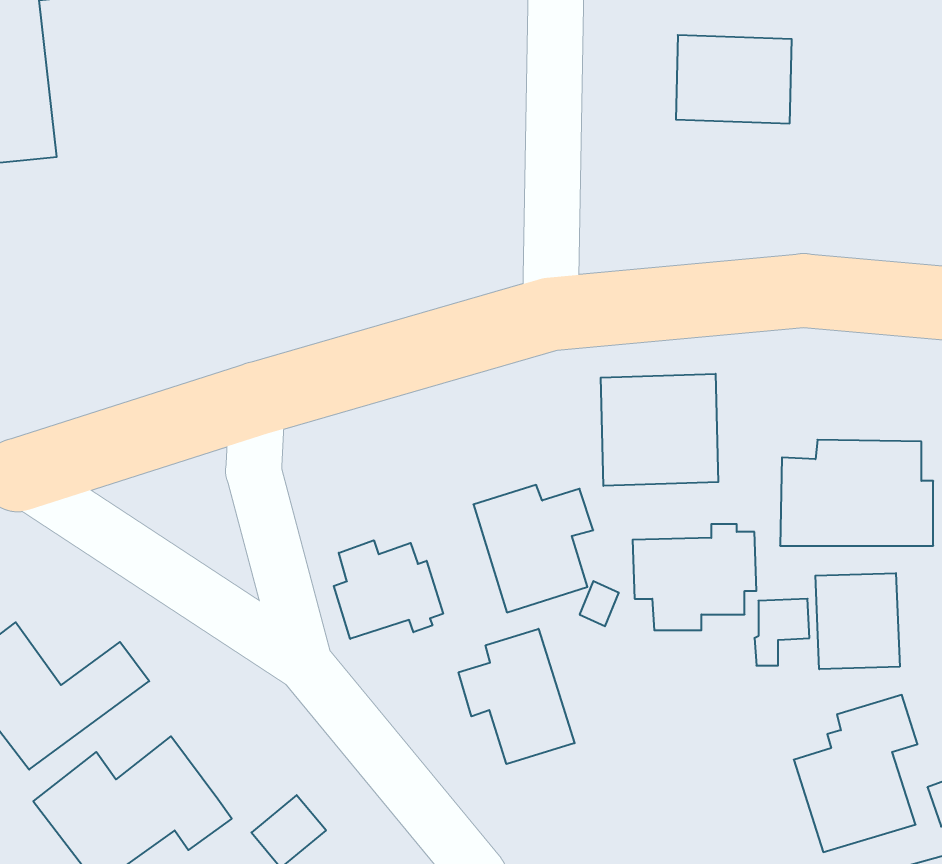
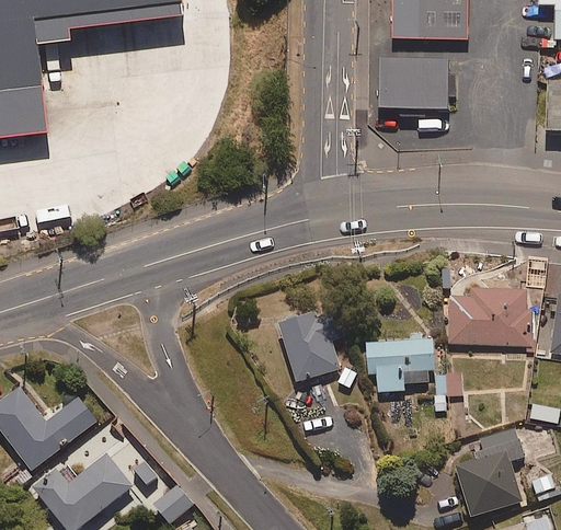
building: [601,374,718,486] -> none
building: [334,540,443,639] -> none
building: [815,573,900,669] -> none
building: [459,629,575,764] -> none

